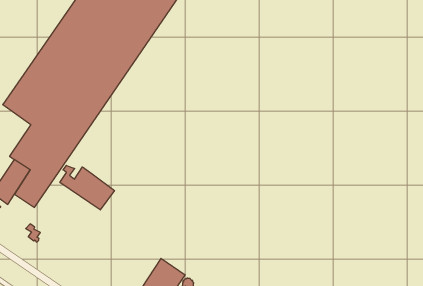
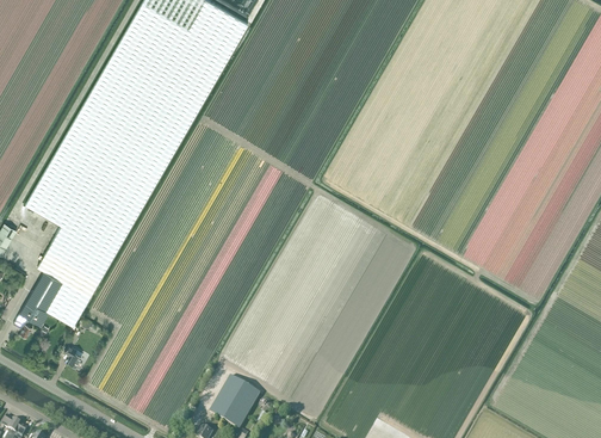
building: [60,165,114,210] -> none

